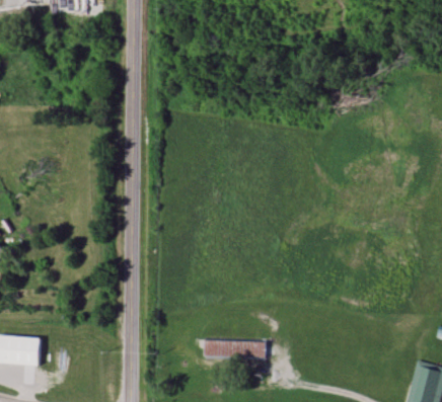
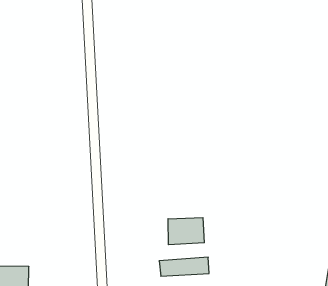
building: none -> [168,218,204,245]

